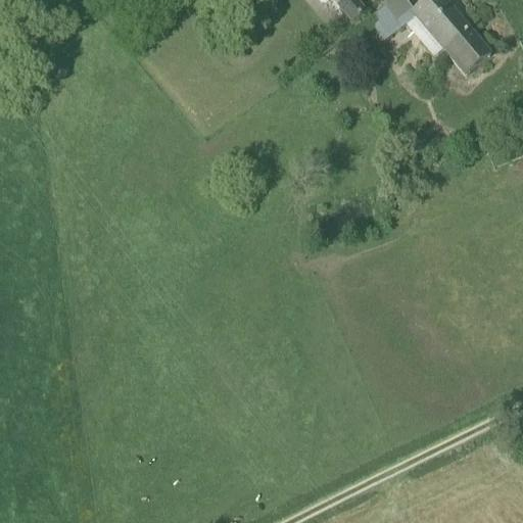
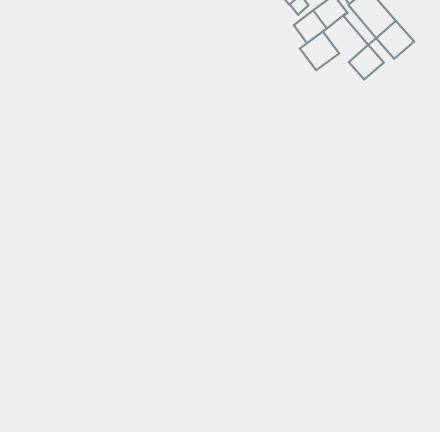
building: none -> [300,31,339,70]
building: none -> [349,45,384,80]

